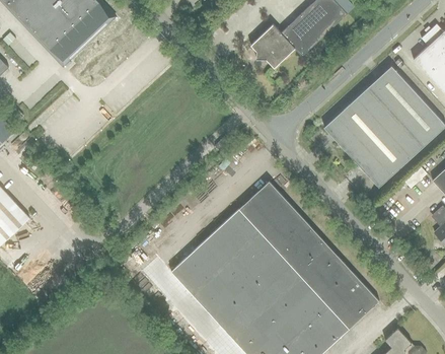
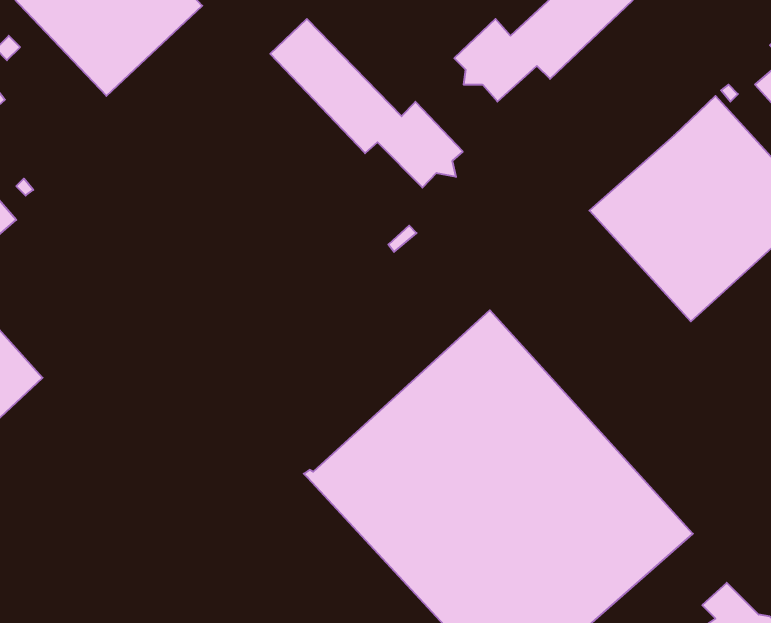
building: none -> [270,19,463,188]

